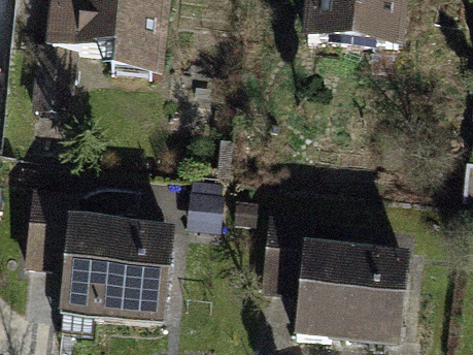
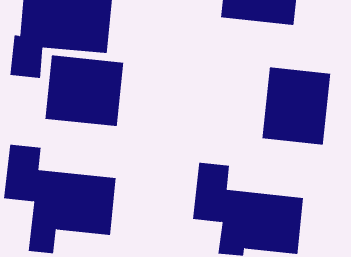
building: none -> [45,55,124,127]
building: none -> [262,67,331,145]

